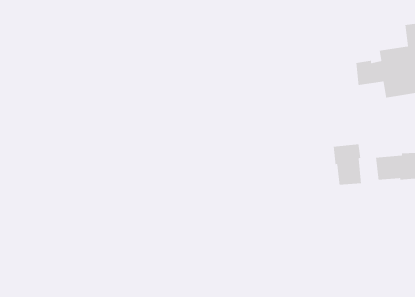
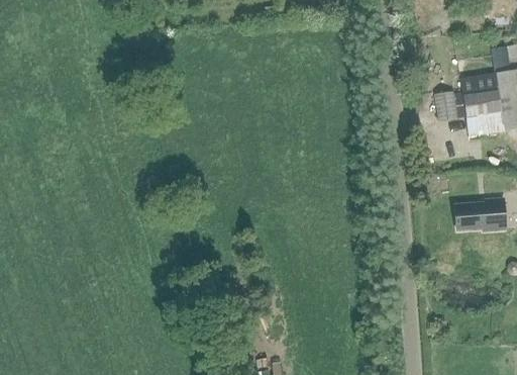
building: [333,143,362,186] -> none

